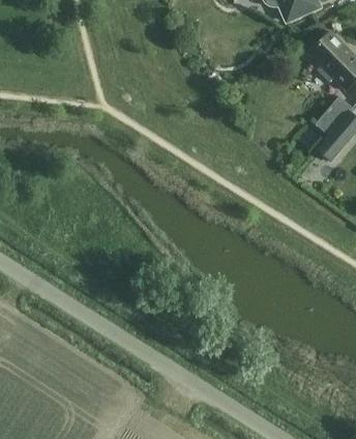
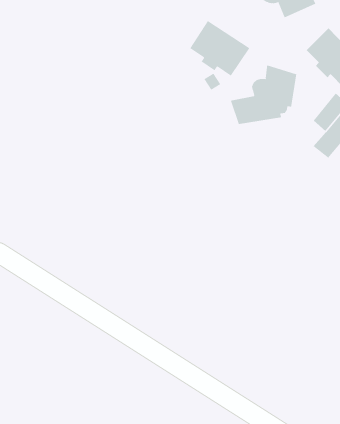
building: none -> [190,20,250,77]
building: none -> [230,64,297,125]

